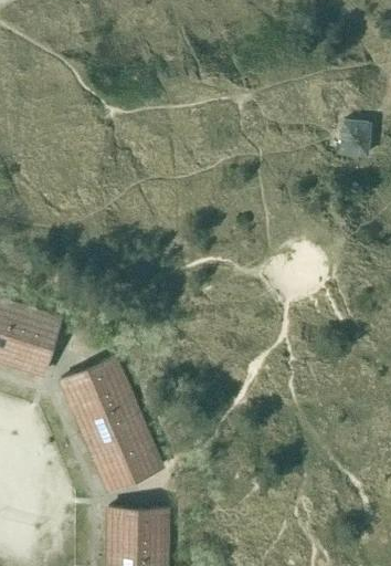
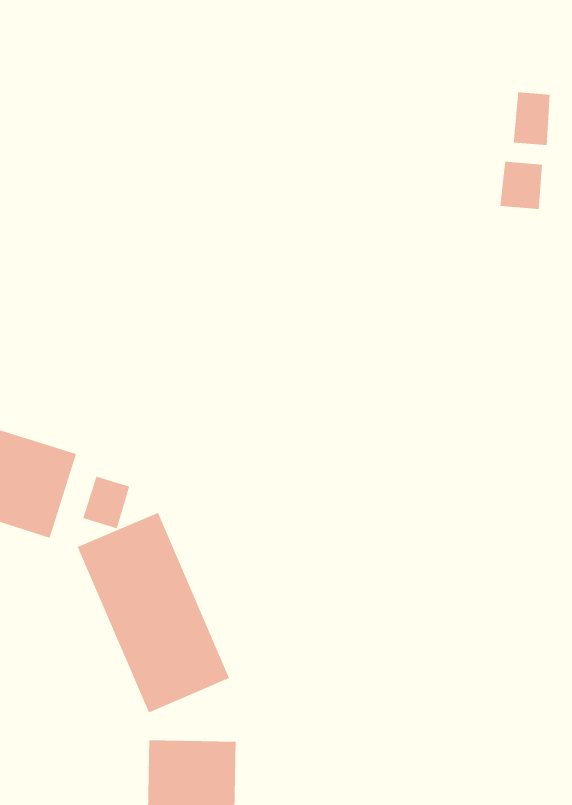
building: none -> [513,91,550,146]
building: none -> [82,476,130,529]

